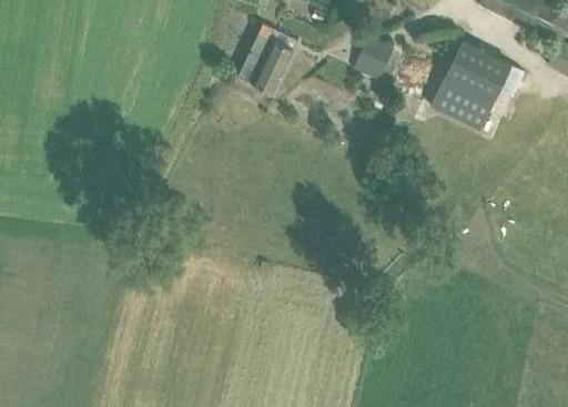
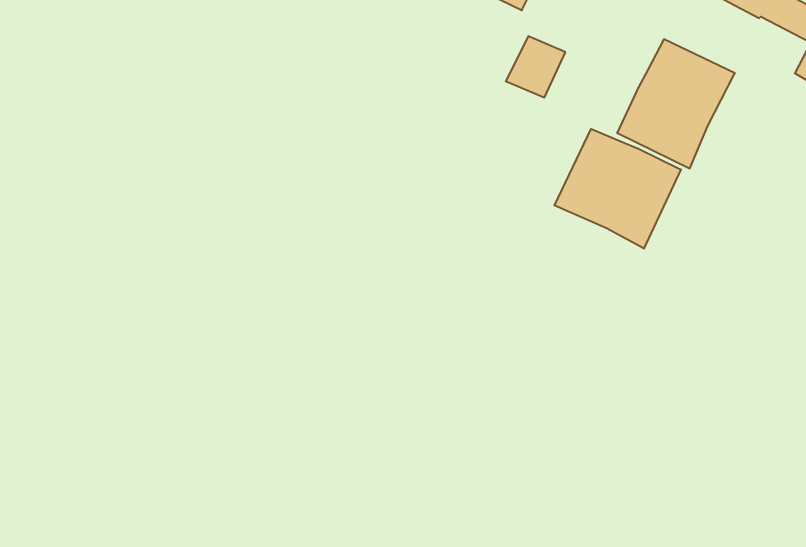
building: [237,23,294,91] -> none
building: none -> [555,129,681,249]

